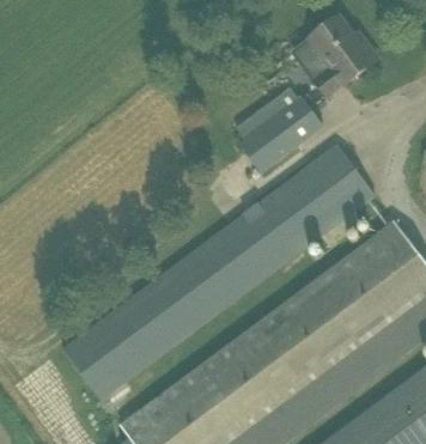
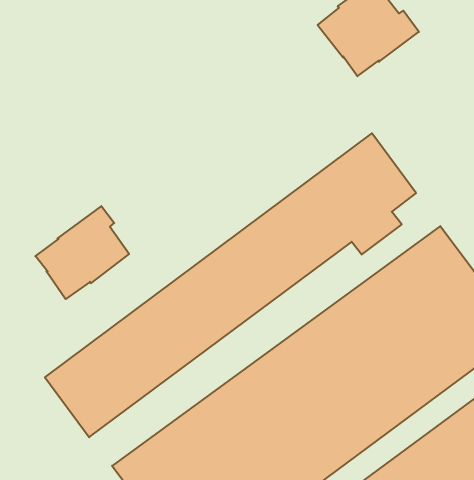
building: [237,97,322,172] -> none
building: none -> [35,206,129,299]

